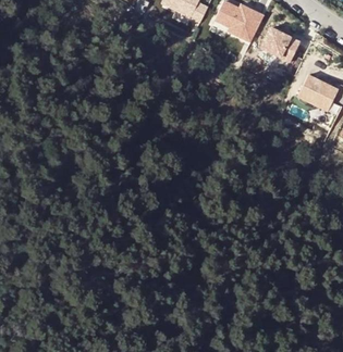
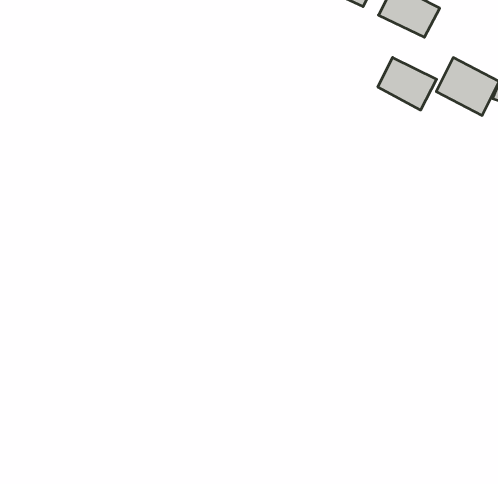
building: none -> [378,57,437,110]

